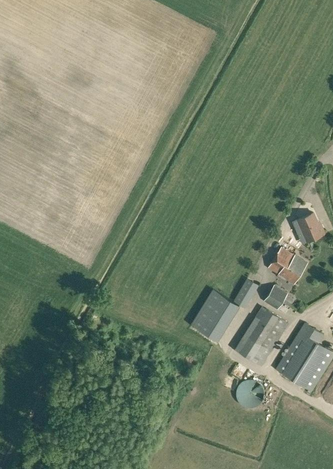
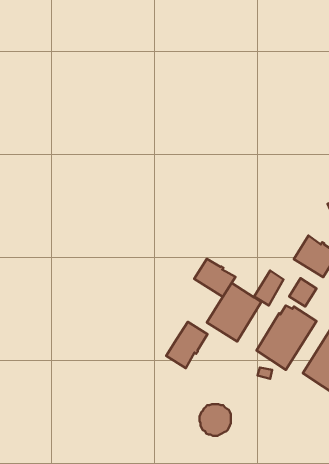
building: none -> [194,259,235,297]
building: none -> [166,322,207,368]
building: [235,380,263,408] -> [199,404,231,436]

